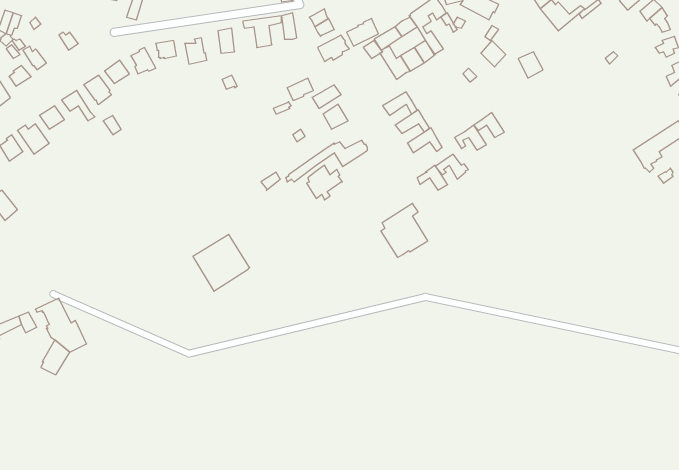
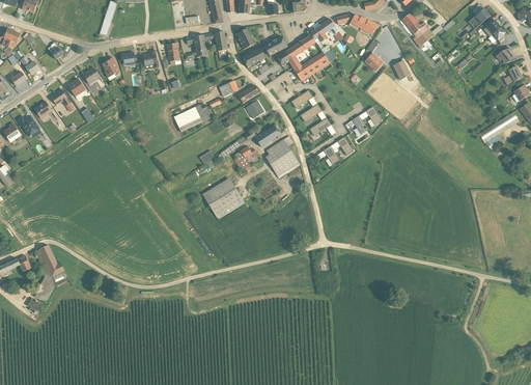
building: none -> [173,104,213,132]
building: [381,203,428,257] -> [264,136,300,176]
building: [193,234,250,291] -> [202,177,245,220]

